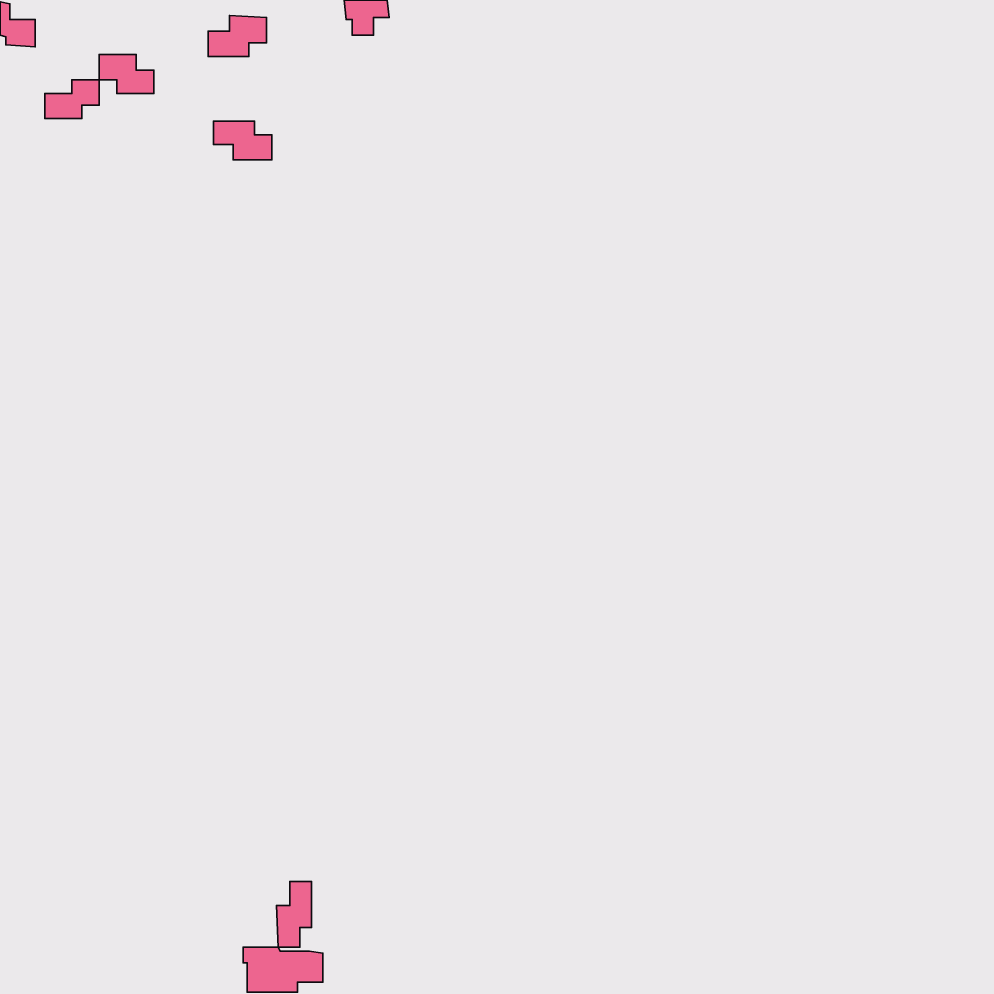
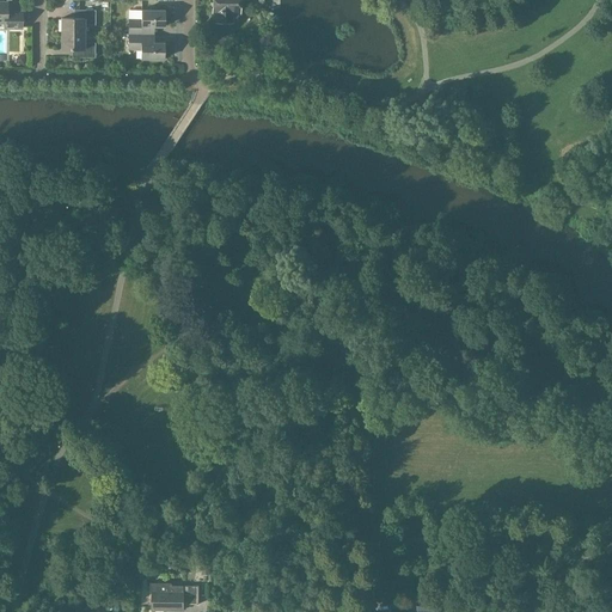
building: [45,80,99,119] -> [61,10,94,33]
building: [214,121,272,160] -> [128,35,164,59]
building: [276,881,311,947] -> none

